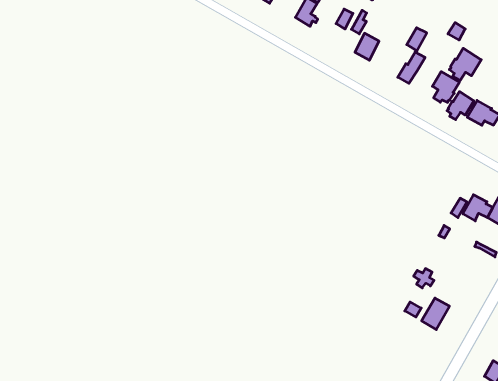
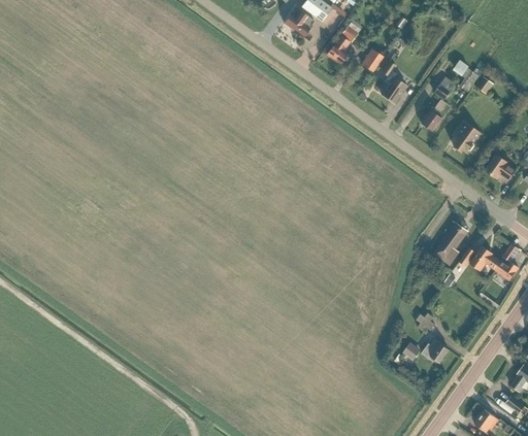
building: [449,48,481,81] -> none
building: [447,92,474,120] -> none
building: none -> [434,222,468,266]

